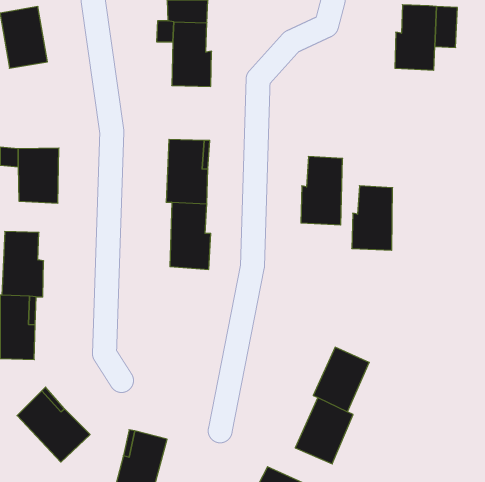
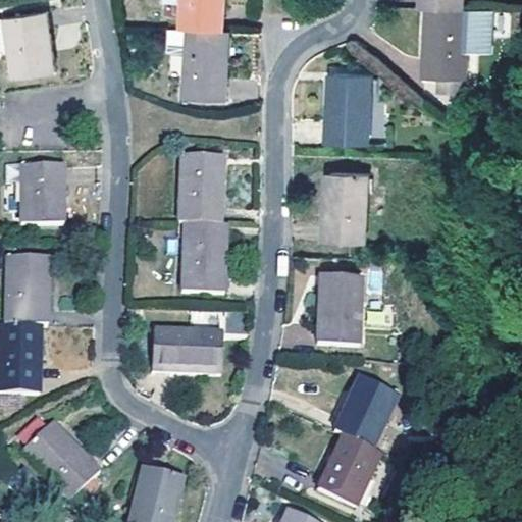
building: none -> [326,73,371,143]
building: [352,186,393,250] -> [319,274,363,344]
building: none -> [151,326,221,373]

